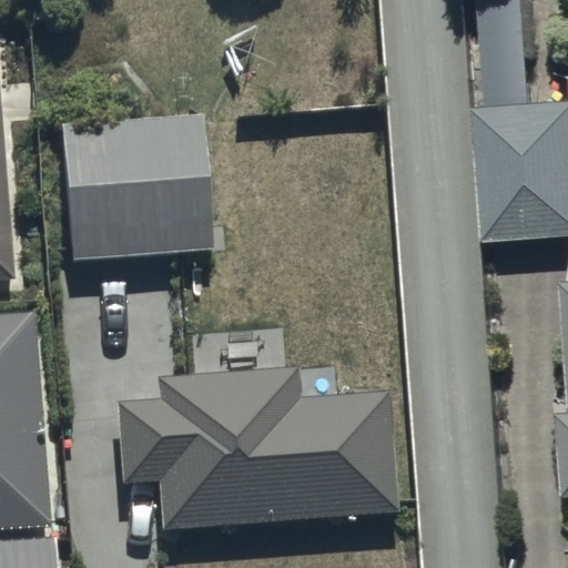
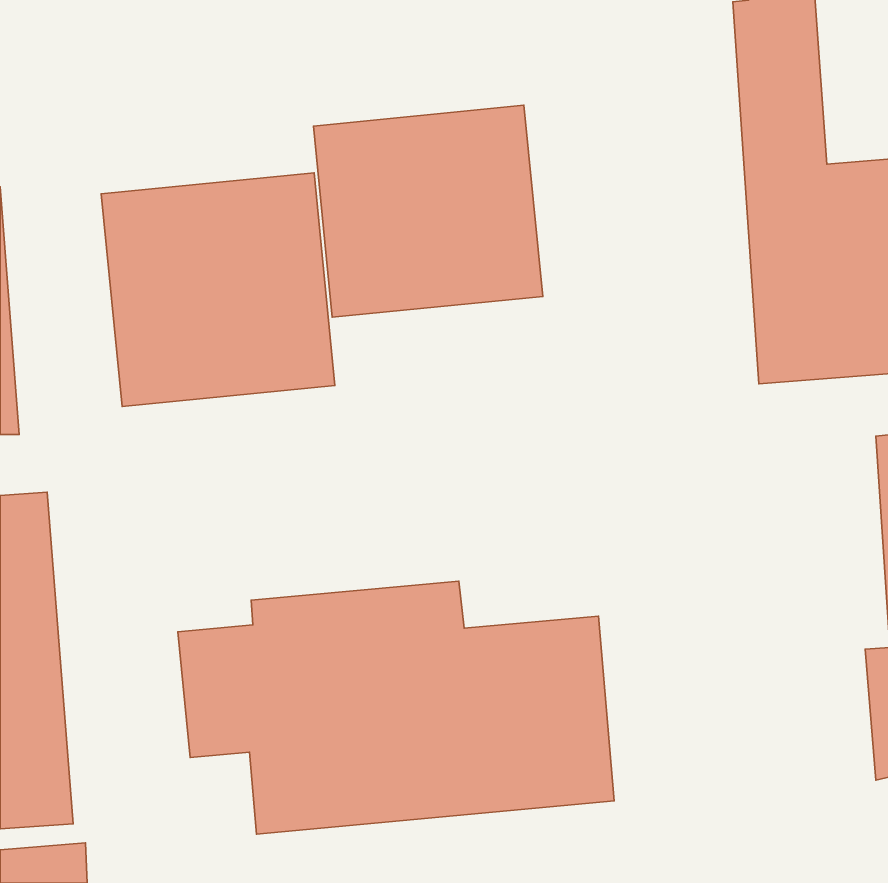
building: none -> [313,105,543,317]

